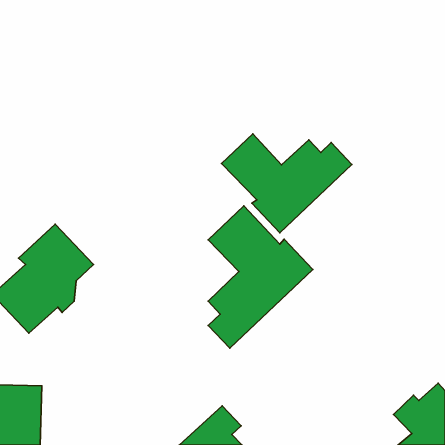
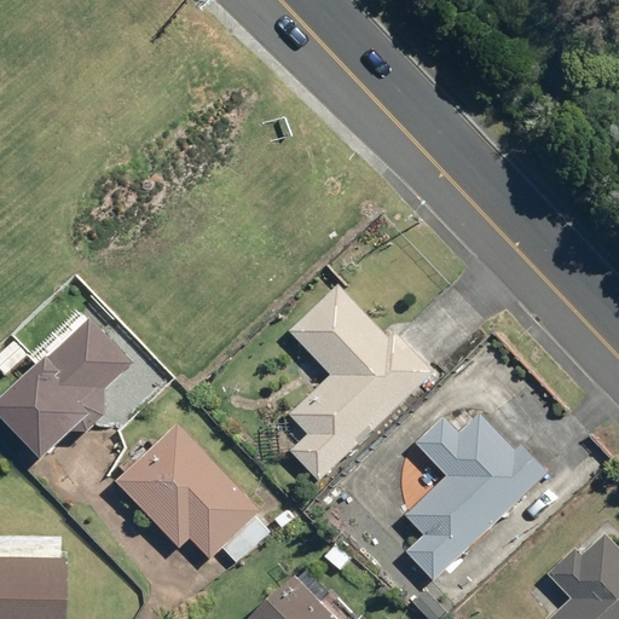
building: [222,134,352,233] -> none
building: none -> [403,413,548,584]
building: none -> [115,426,259,559]

